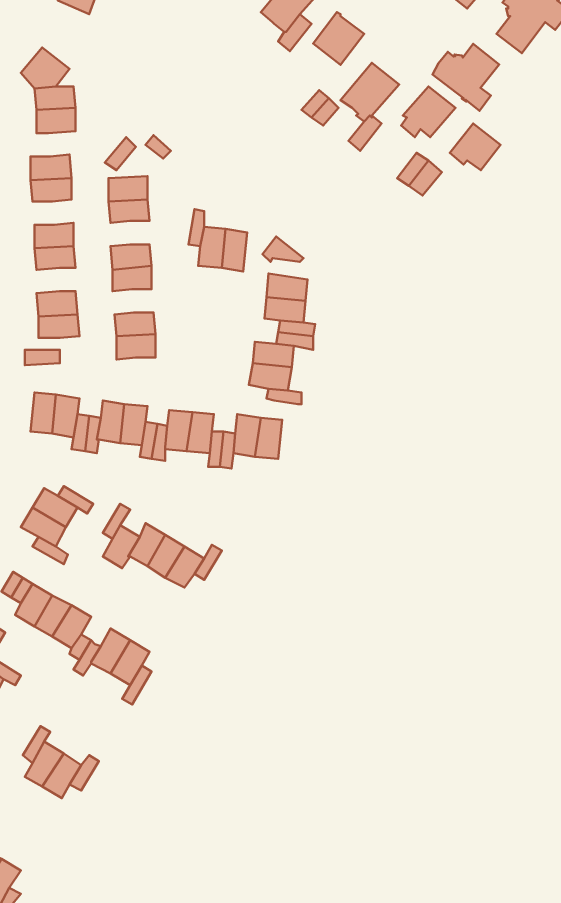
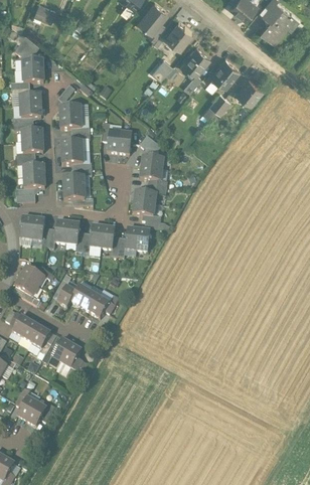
building: [432,44,499,111] -> none

